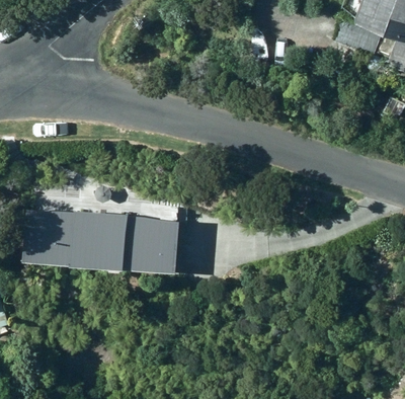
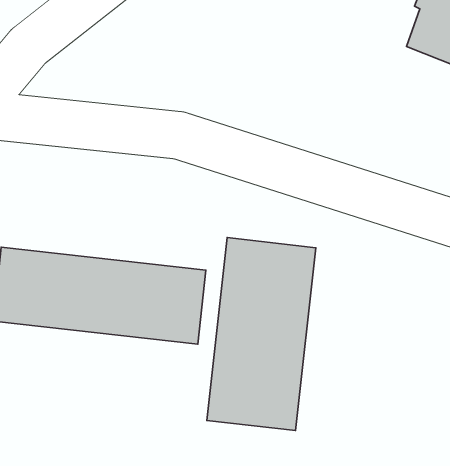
building: none -> [207,238,316,431]

